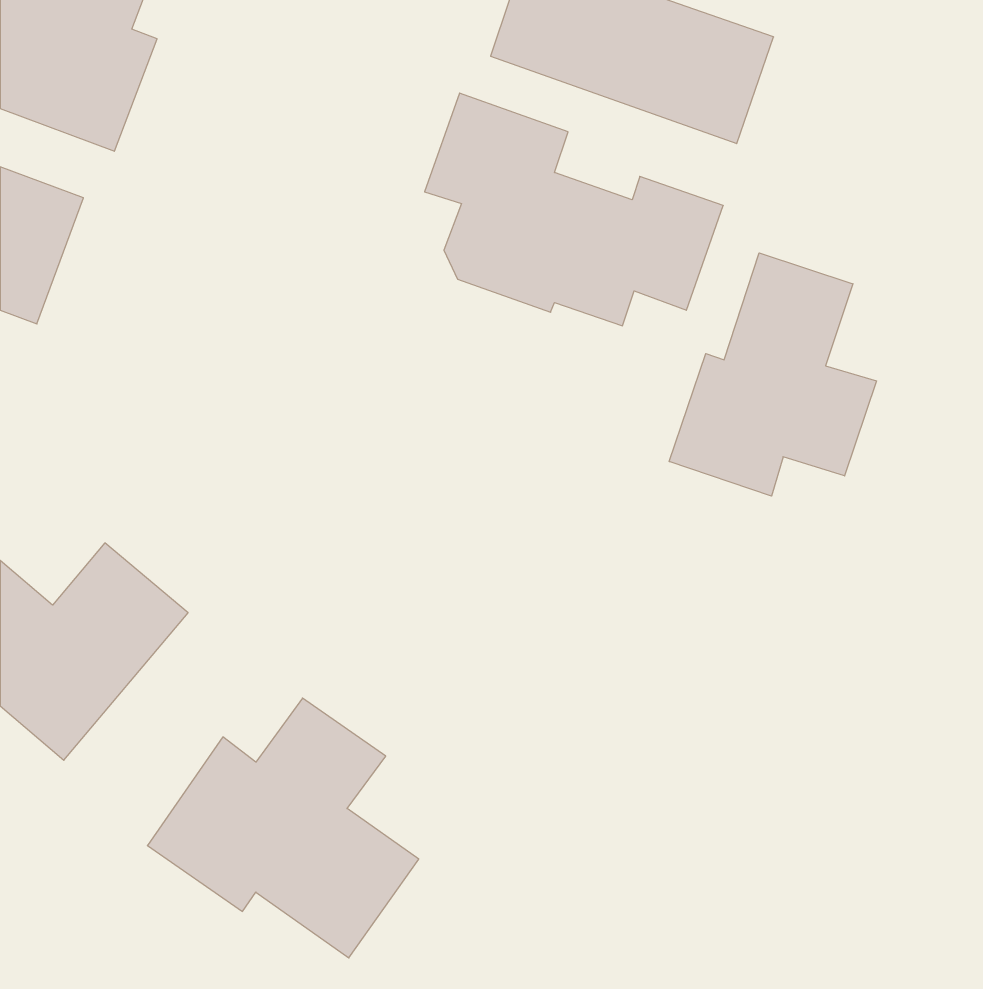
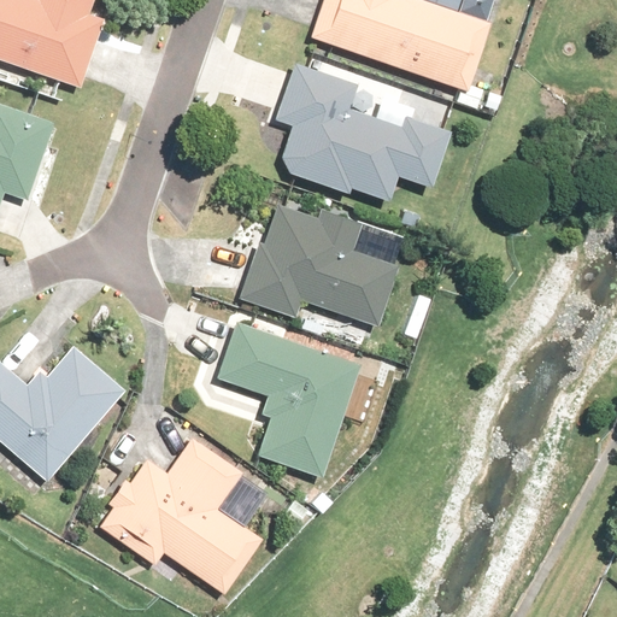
building: [669,253,877,496] -> none
building: none -> [236,193,395,324]
building: none -> [218,324,366,487]

